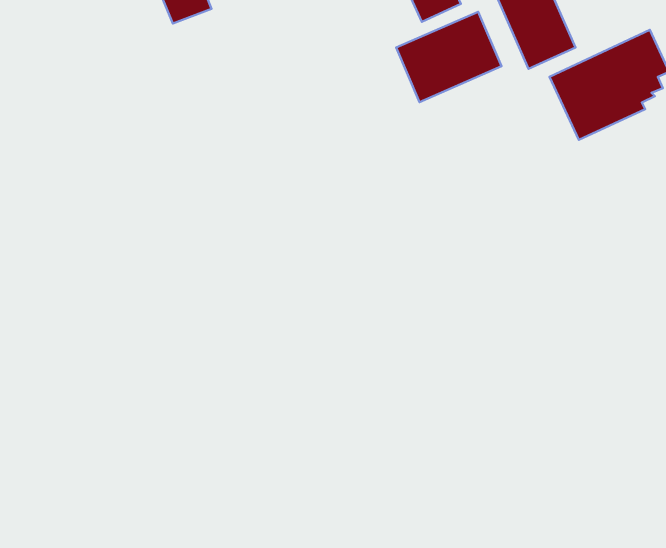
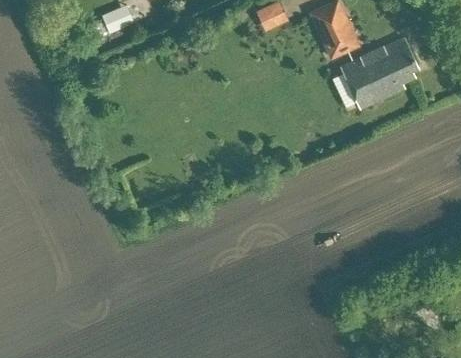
building: [396,12,502,102] -> none

